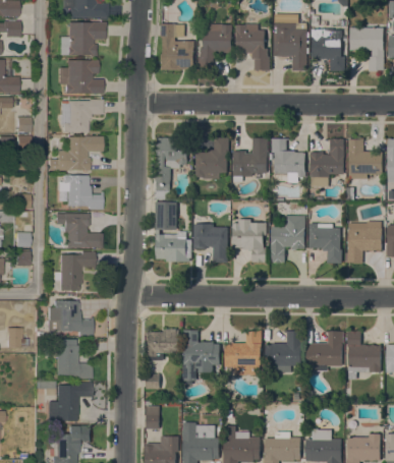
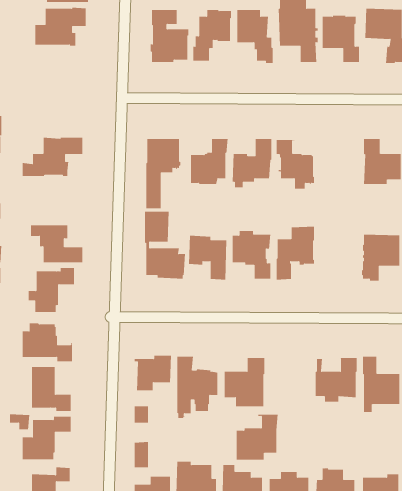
building: [57,60,101,94] -> none
building: [58,99,102,132] -> none
building: [309,138,344,186] -> none
building: [57,175,101,210] -> none
building: [308,223,342,263] -> none
building: [265,331,302,371] -> [236,414,278,460]

